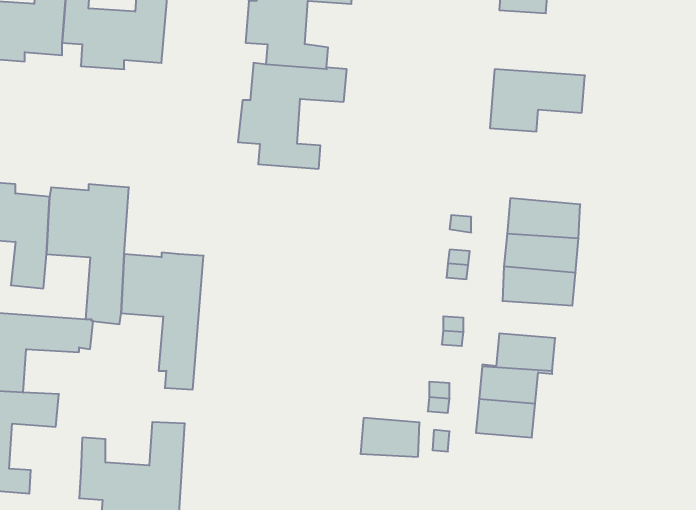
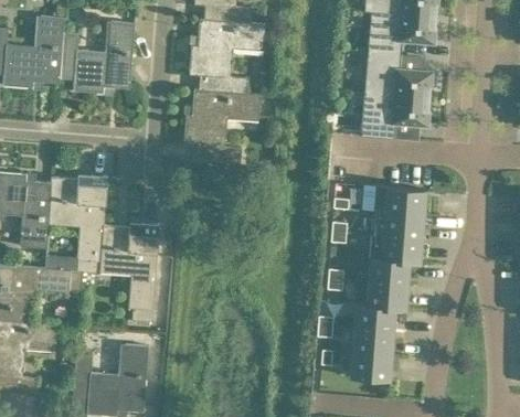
building: none -> [367,51,433,97]
building: none -> [370,257,422,284]
building: [360,418,420,457] -> [351,351,393,378]

